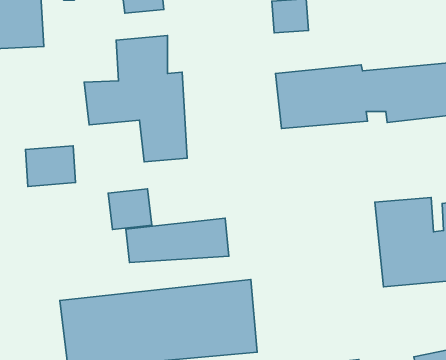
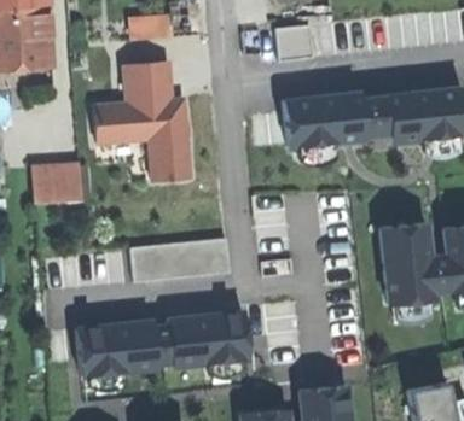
building: [108,189,152,229] -> none

